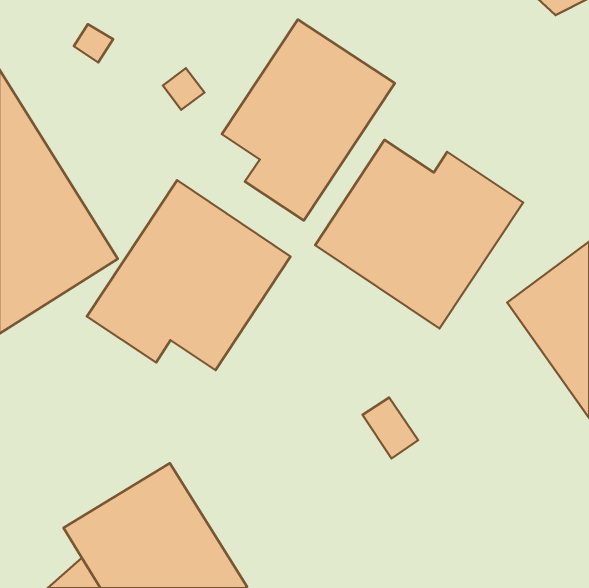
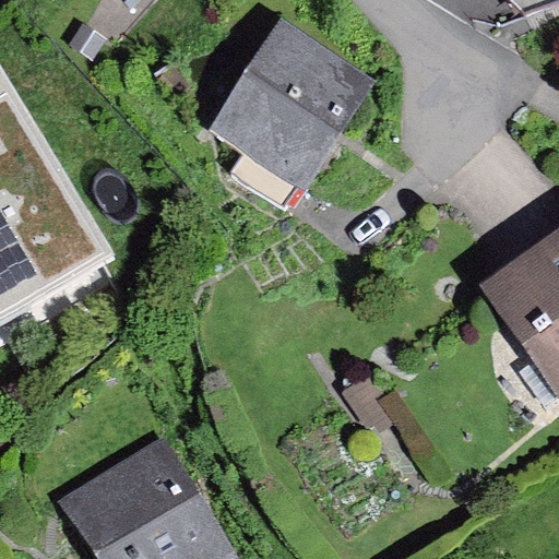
building: [315,140,523,329] -> none
building: [87,180,291,370] -> none

